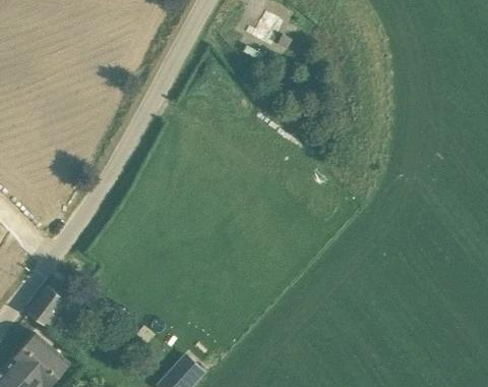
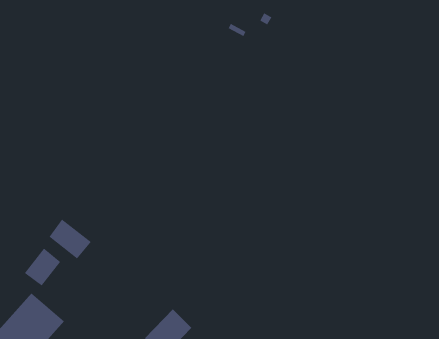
building: none -> [49,218,92,259]

